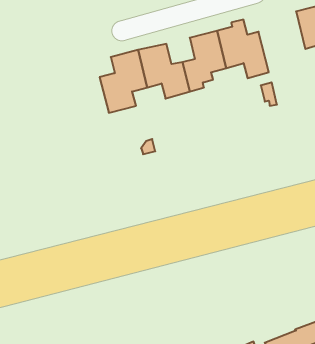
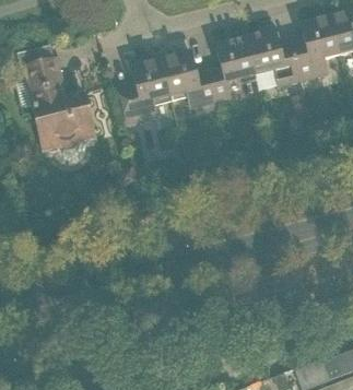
building: none -> [290,15,340,81]
building: none -> [16,58,94,150]

